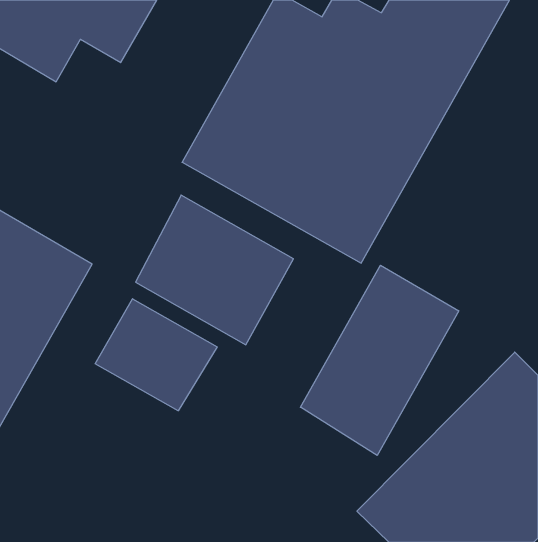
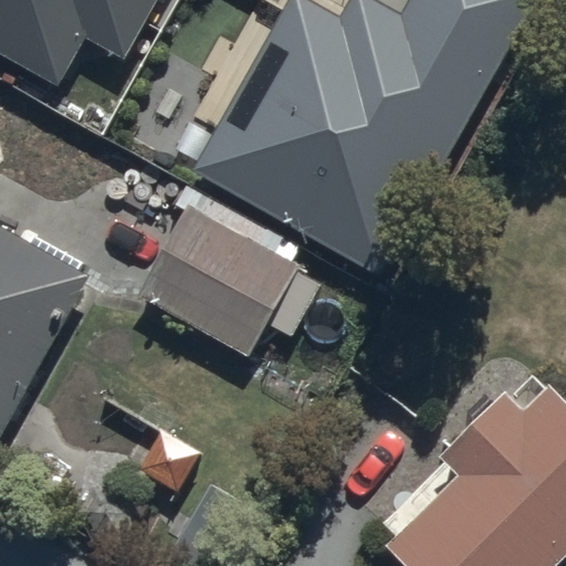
building: [300,265,459,455] -> none
building: [95,299,217,411] -> none

